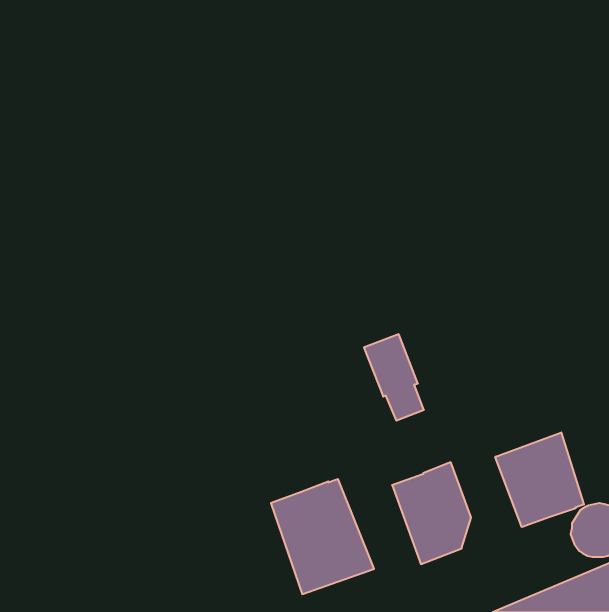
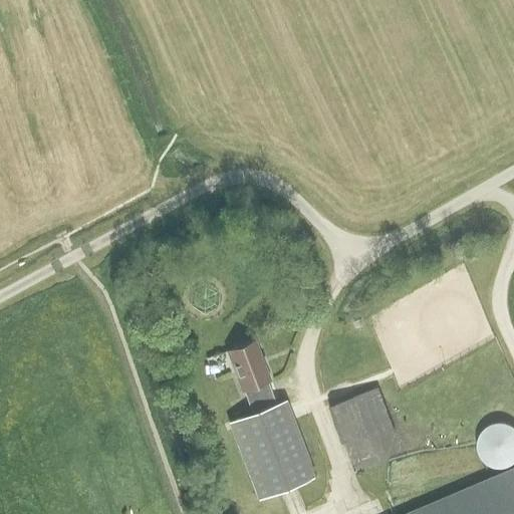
building: [364,334,424,421] -> [228,340,278,413]
building: [495,432,584,527] -> none

